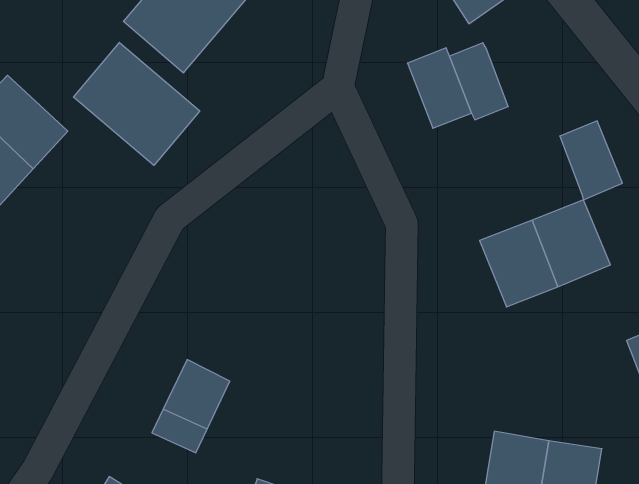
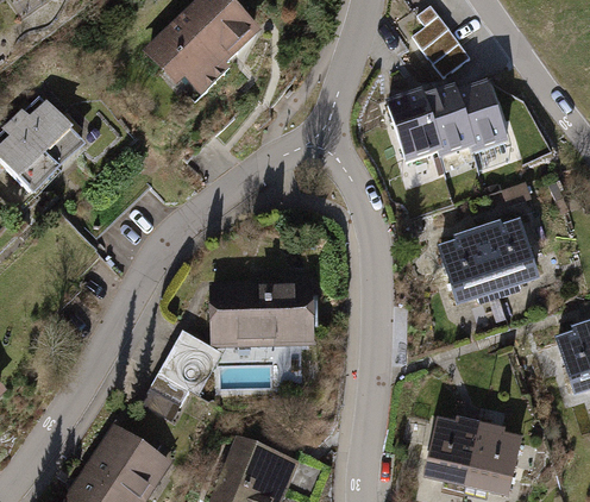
building: [73,42,200,165] -> none
building: [560,121,622,200] -> [450,80,500,145]
building: none -> [208,276,314,346]

